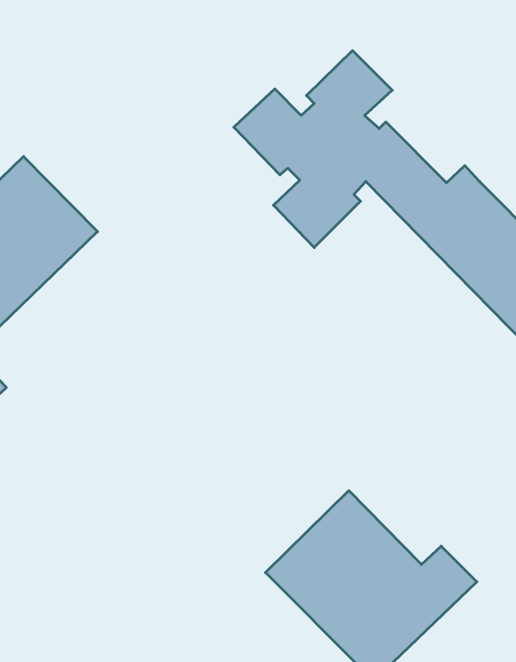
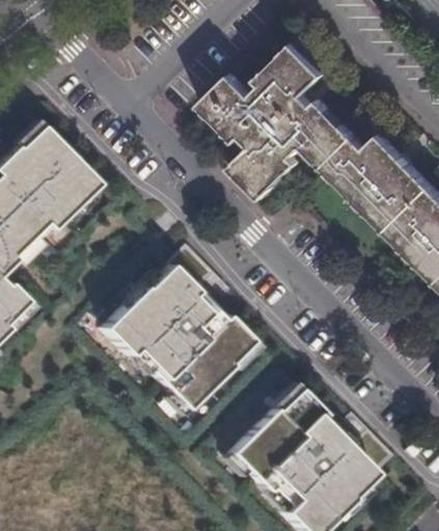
building: none -> [102,251,250,414]

